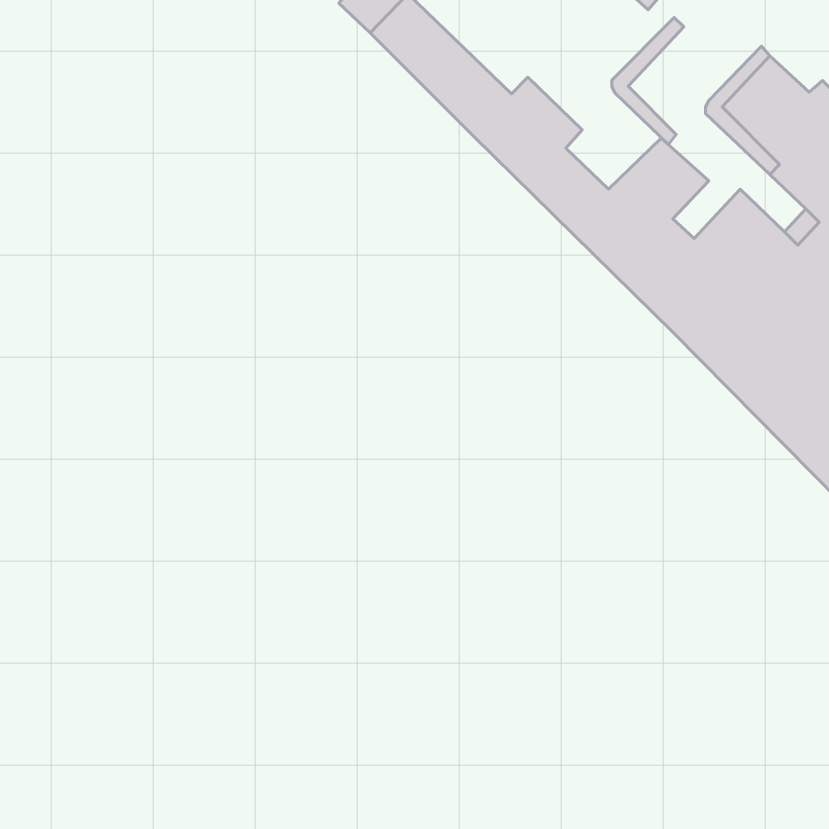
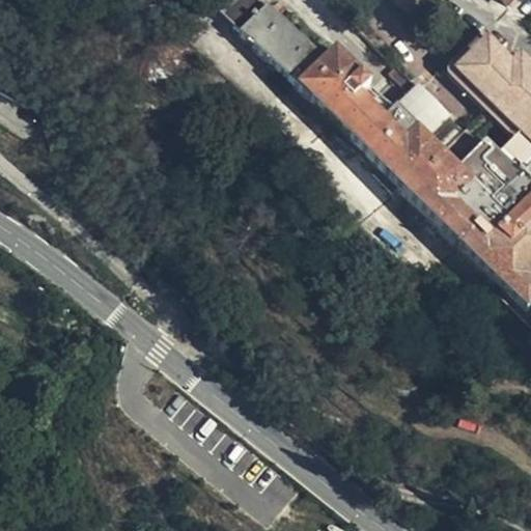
building: [612,17,684,145] -> none

